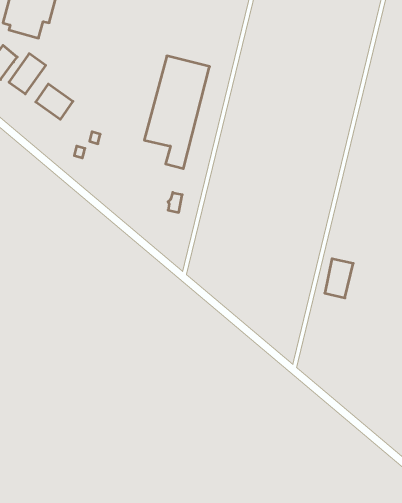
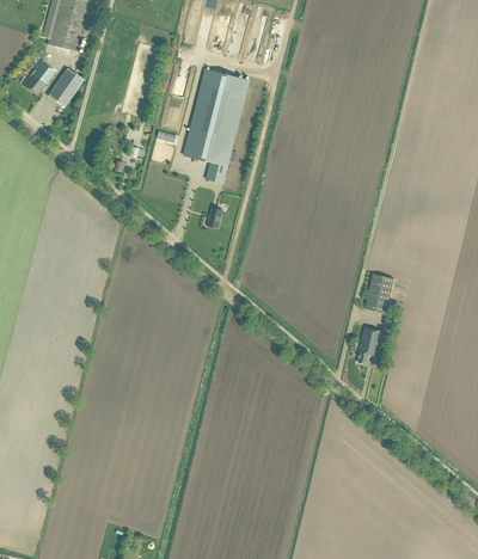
building: [36,84,73,119] -> none
building: none -> [356,325,381,362]

